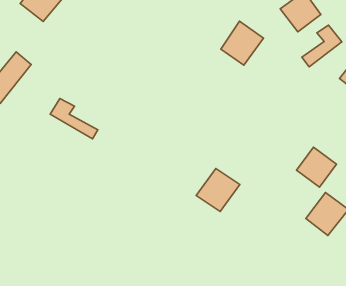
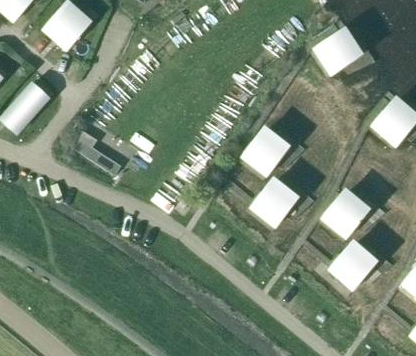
building: [221,21,263,65] -> [243,127,288,173]
building: [302,25,342,67] -> none
building: [196,169,240,211] -> [251,179,297,224]

